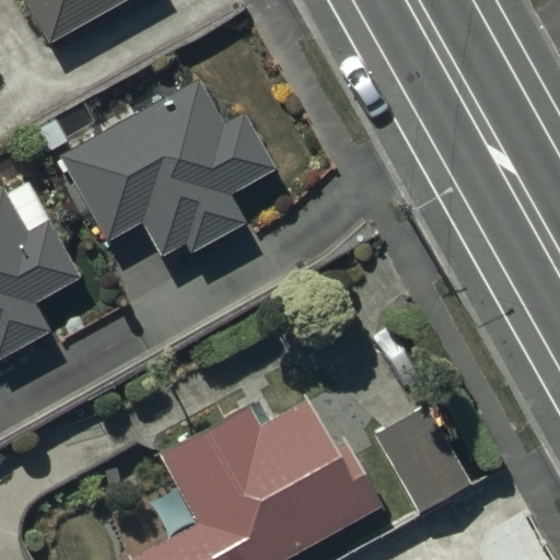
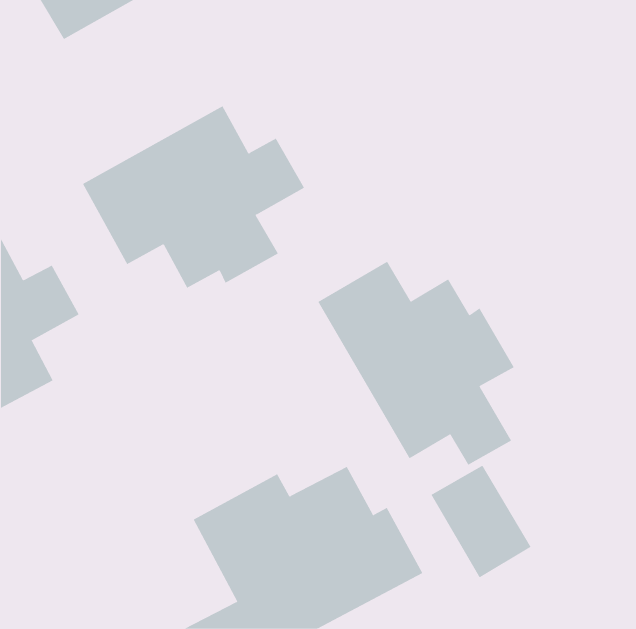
building: none -> [318,261,514,465]

